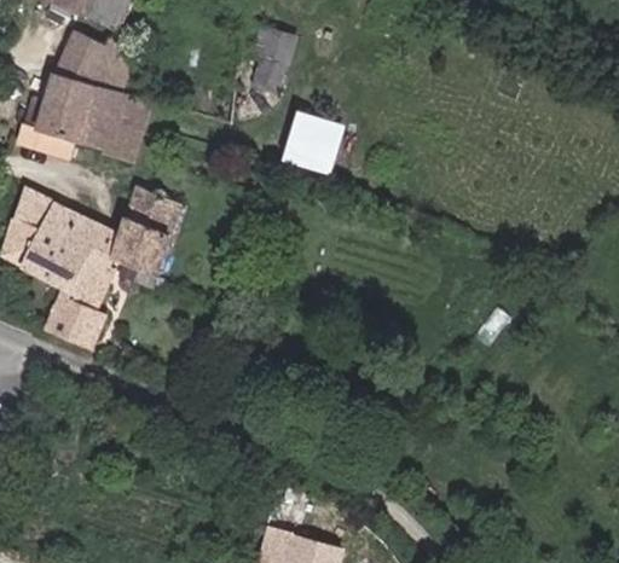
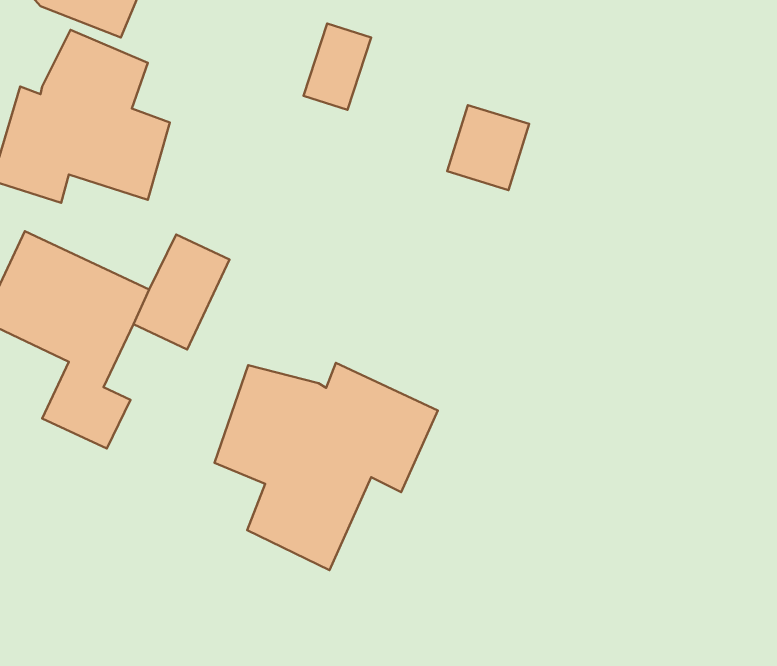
building: [279,111,342,176] -> [447,105,529,190]
building: none -> [214,363,438,570]

